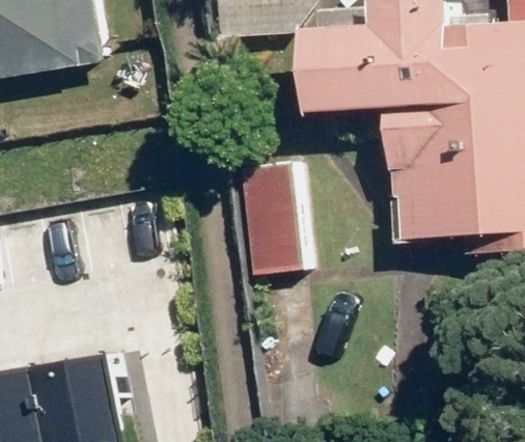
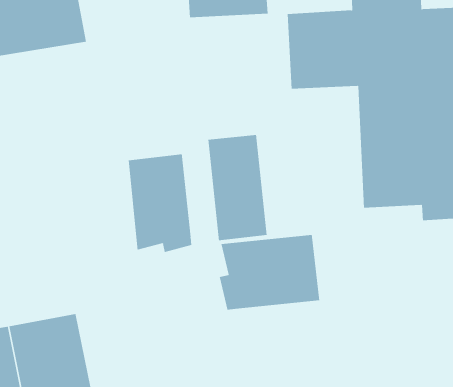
building: none -> [128,153,192,253]
building: none -> [219,234,320,310]

